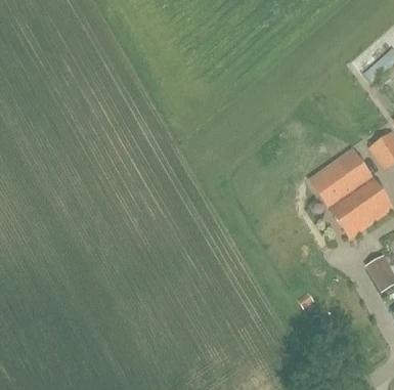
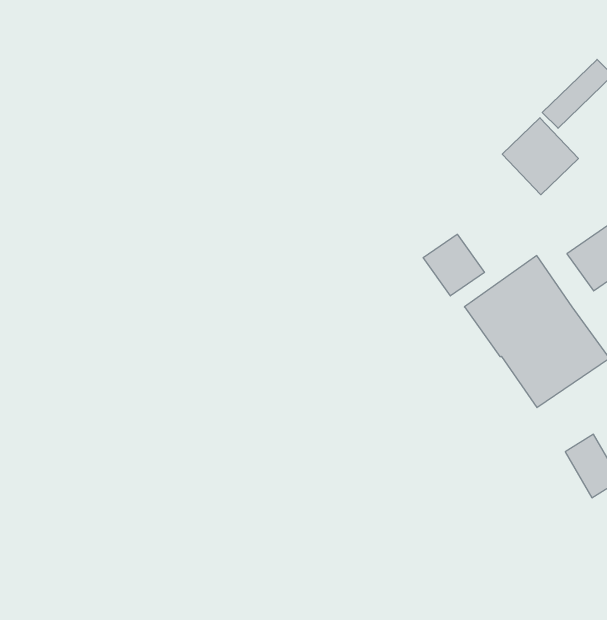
building: none -> [502,118,578,195]
building: none -> [423,234,484,296]

